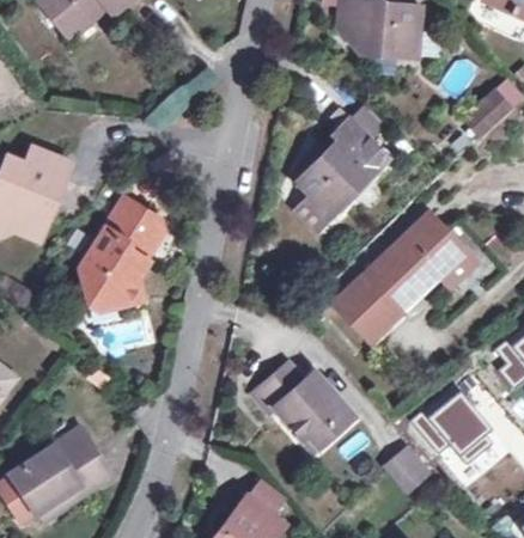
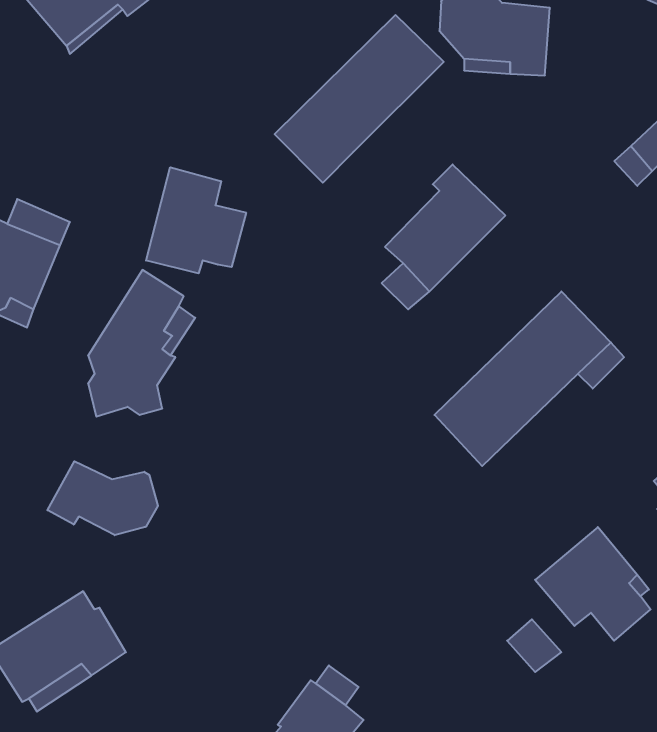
building: none -> [275,15,444,183]
building: none -> [146,167,246,273]
building: none -> [47,461,158,535]
building: [254,363,352,446] -> none

